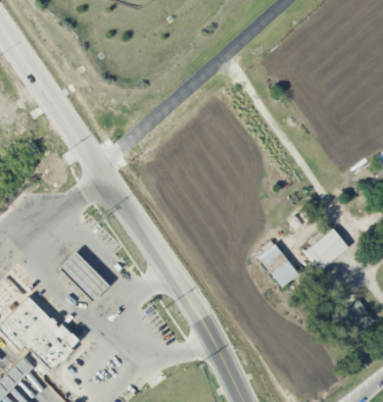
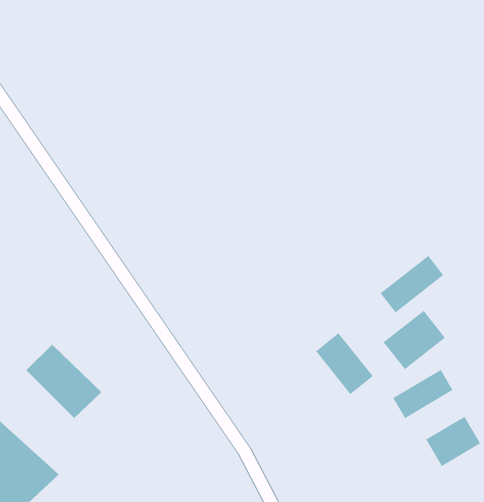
building: none -> [380,255,444,314]
building: none -> [392,369,454,419]

